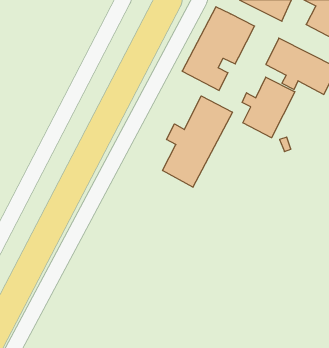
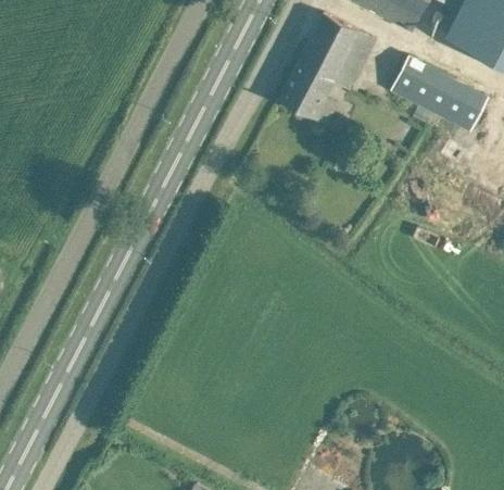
building: [242,77,295,138] -> none
building: [163,96,232,187] -> none

